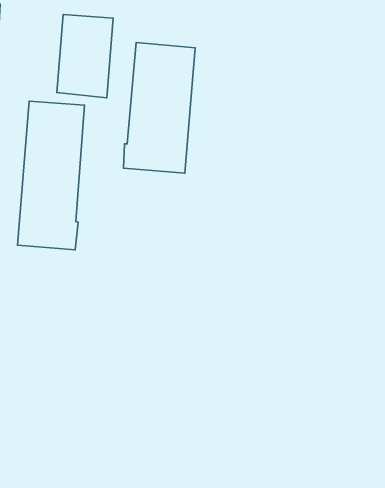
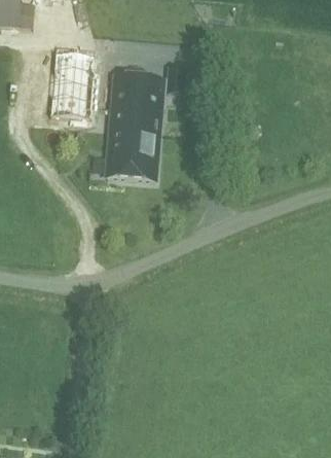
building: [17,101,85,250] -> none

